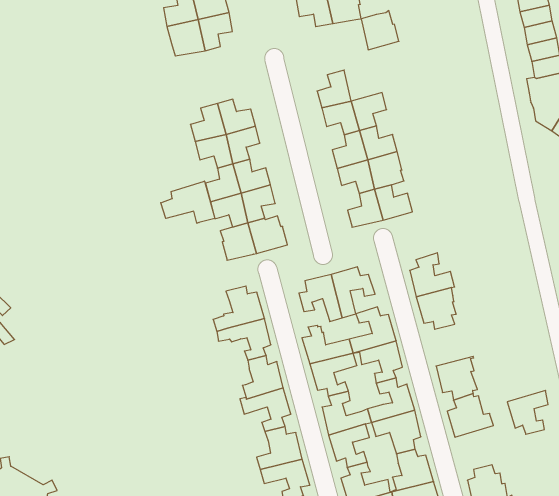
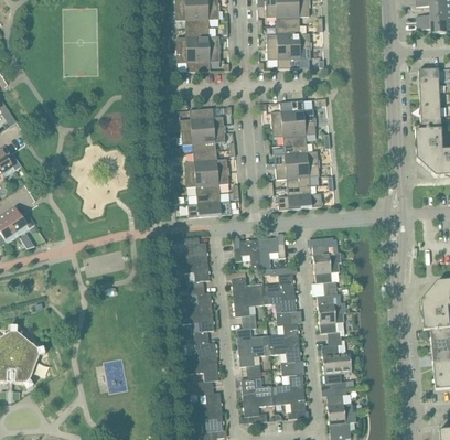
building: [361,11,399,50] -> [291,98,314,122]
building: [161,181,215,223] -> none
building: none -> [317,287,345,313]
building: [507,390,548,434] -> [323,361,351,388]

